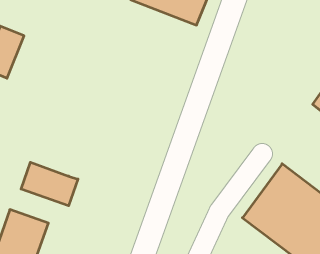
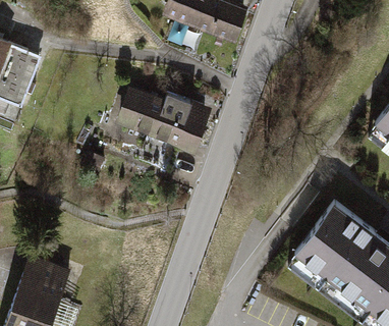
building: none -> [119,89,207,171]
building: [21,162,78,206] -> none

